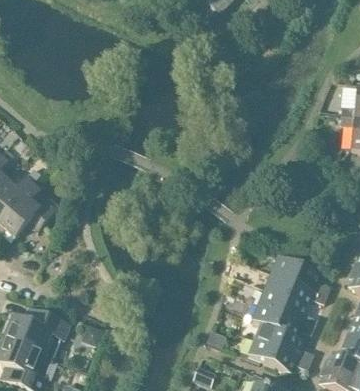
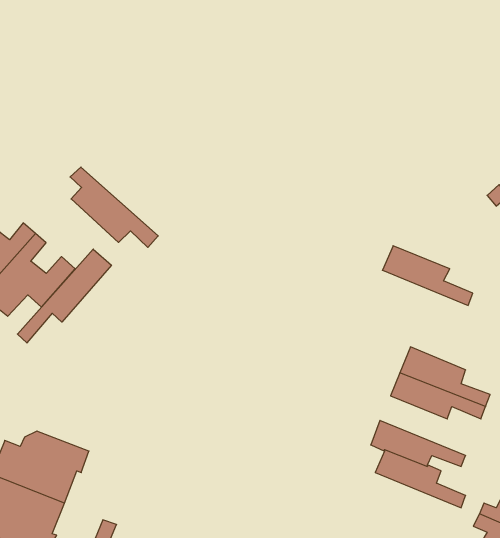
building: none -> [70,167,158,247]
building: none -> [17,249,111,343]
building: [259,287,318,326] -> [382,246,473,305]
building: [250,337,312,368] -> none

